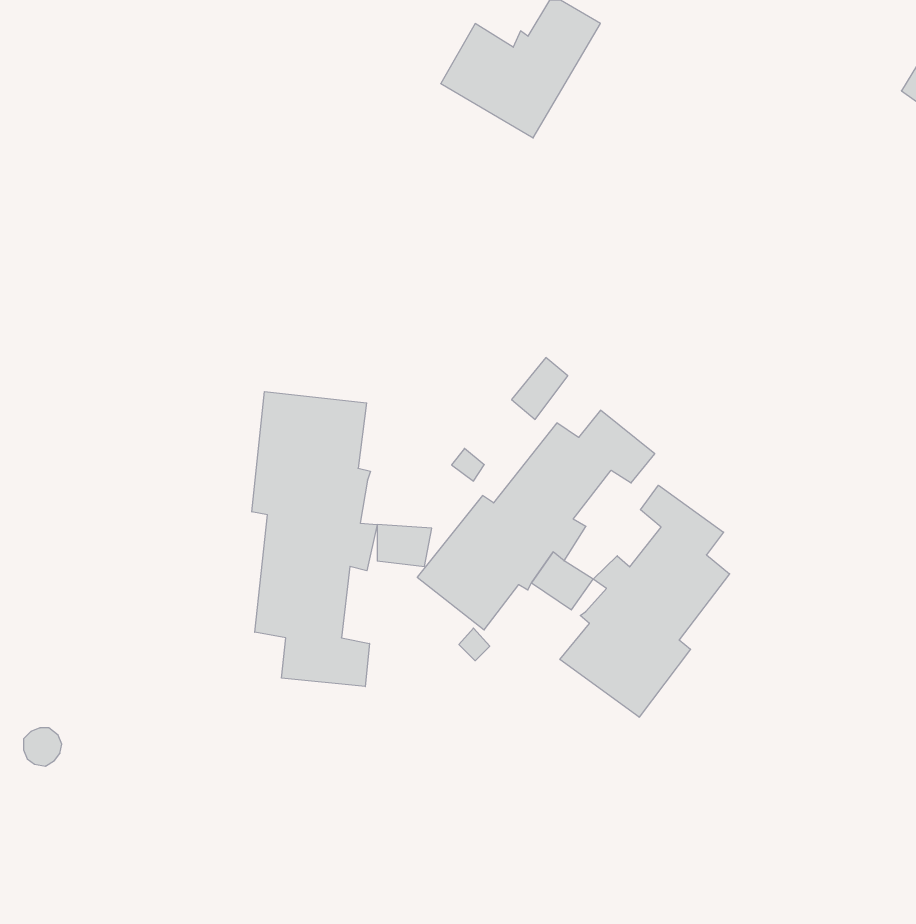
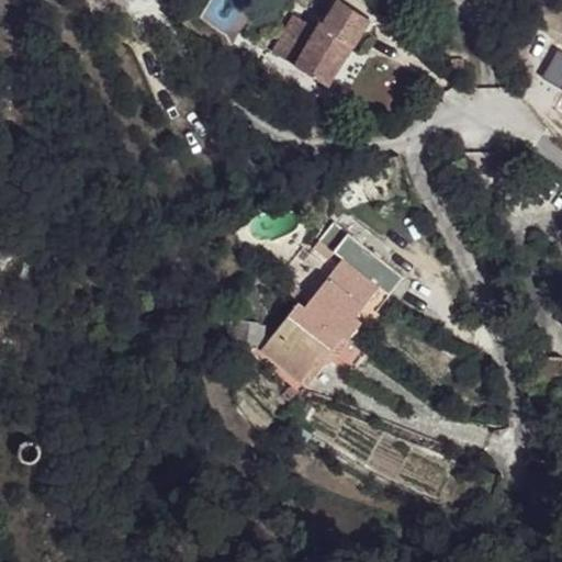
building: [252,392,377,687] -> none
building: [560,485,730,717] -> none

